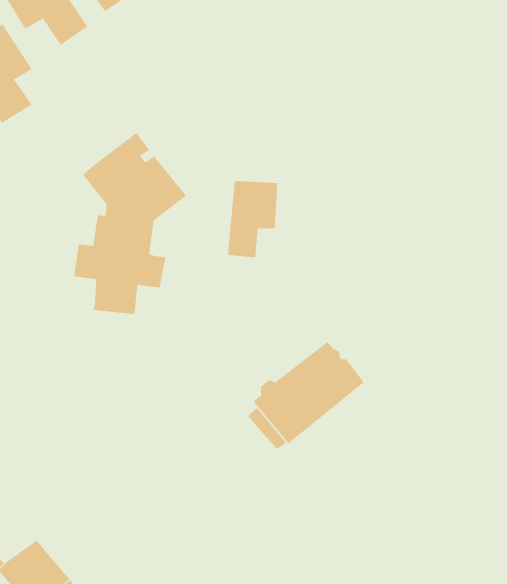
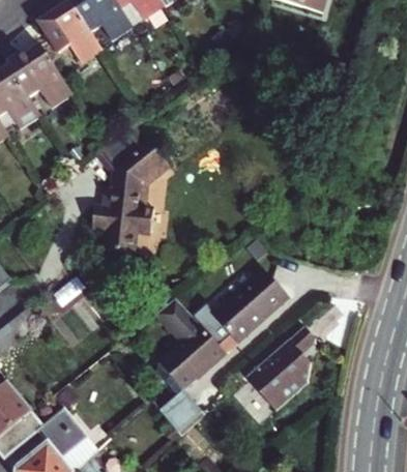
building: [228,180,278,258] -> none
building: none -> [153,298,227,435]
building: none -> [254,321,322,403]

